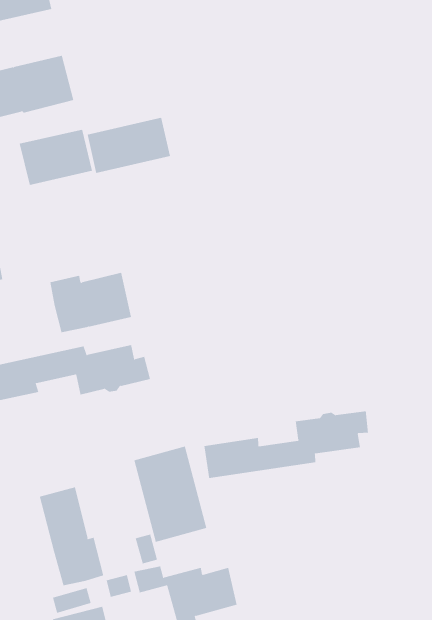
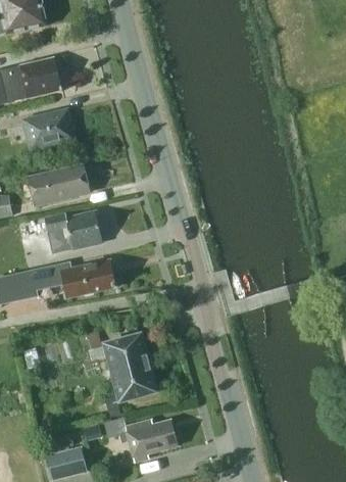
building: [87,117,171,174] -> [30,164,89,204]
building: [204,411,369,479] -> none
building: [39,487,104,586] -> none

